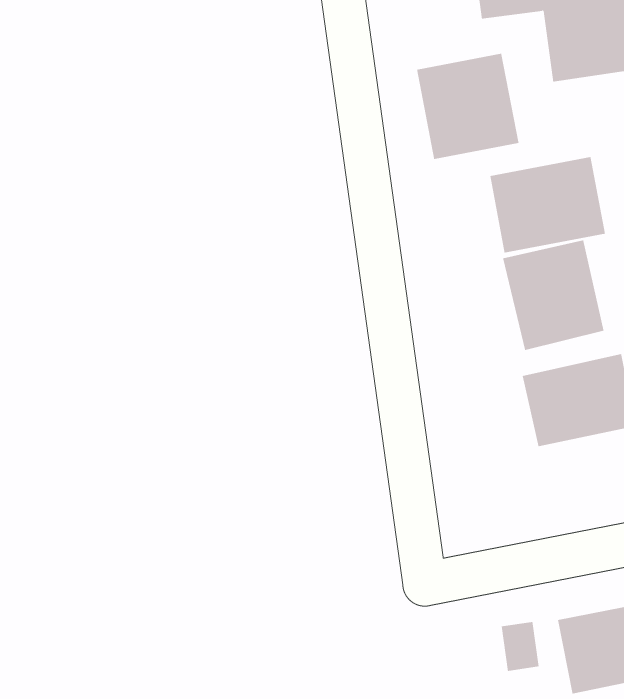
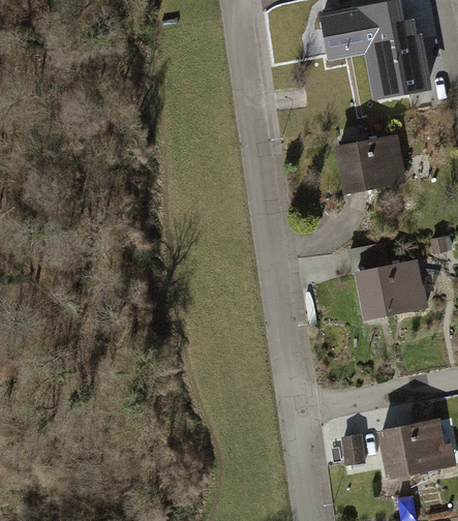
building: [416,53,519,160] -> none
building: [502,239,604,351] -> none

